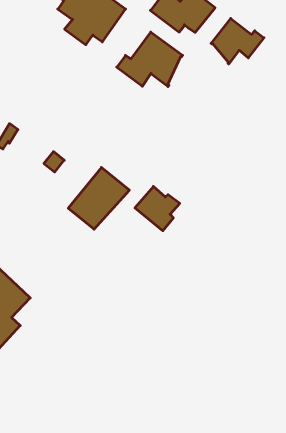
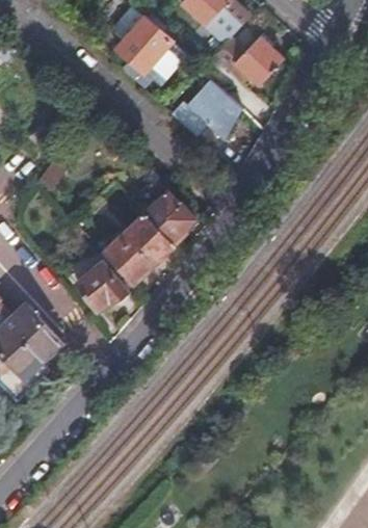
building: [211,18,264,64] -> none
building: [135,186,180,231] -> [146,195,193,243]
building: none -> [75,260,126,309]

